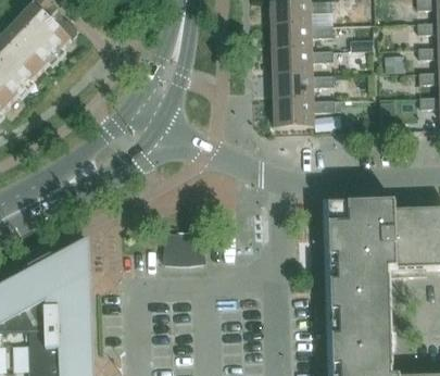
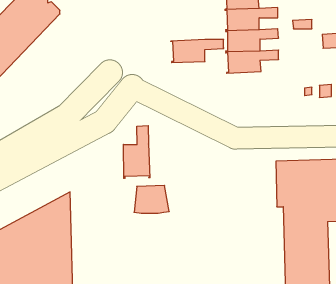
building: [271,100,332,127] -> [171,39,224,63]
building: none -> [123,126,150,178]

